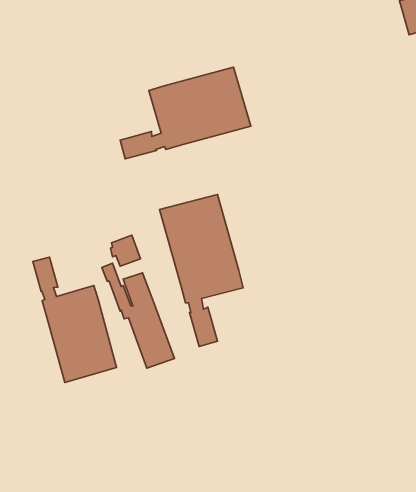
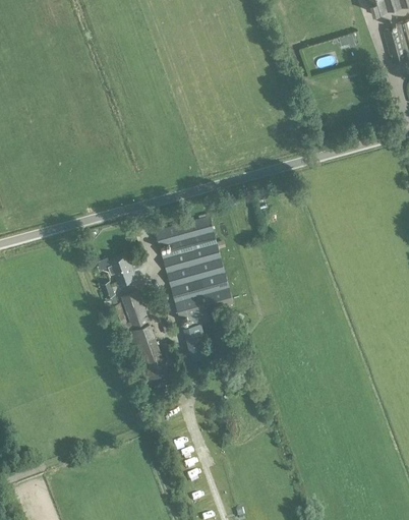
building: [120,67,251,159] -> none
building: [33,257,116,383] -> none

